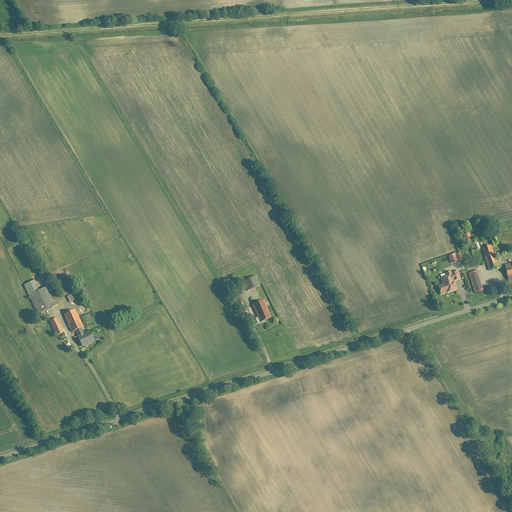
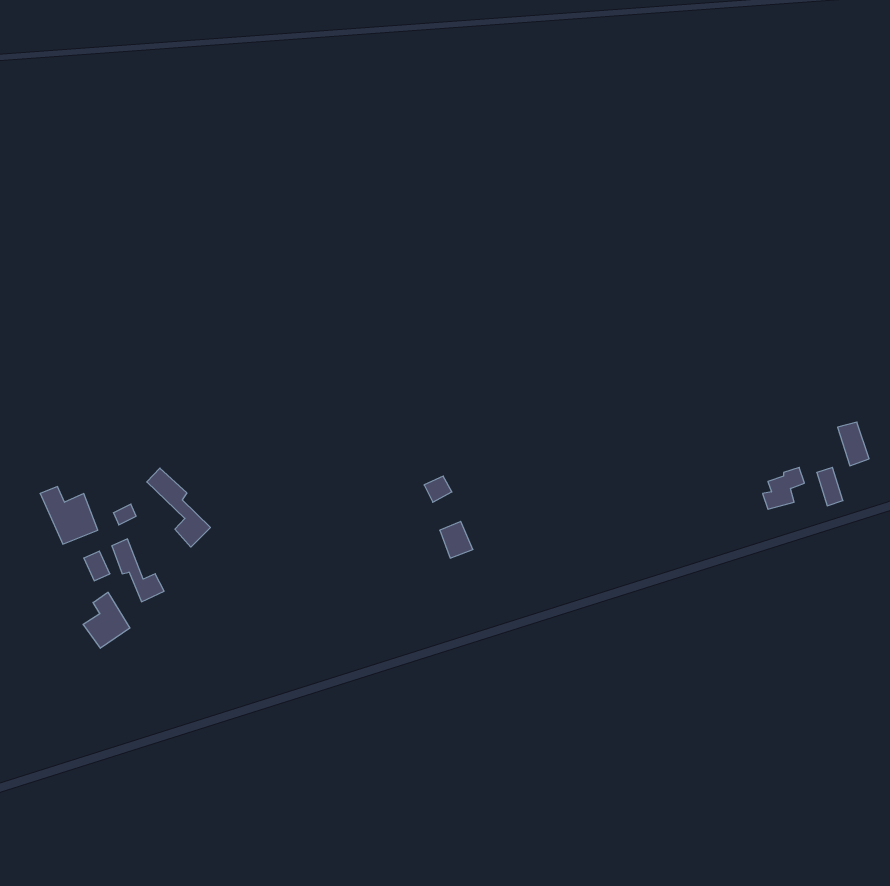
building: none -> [147,468,210,547]
building: none -> [83,592,130,648]

